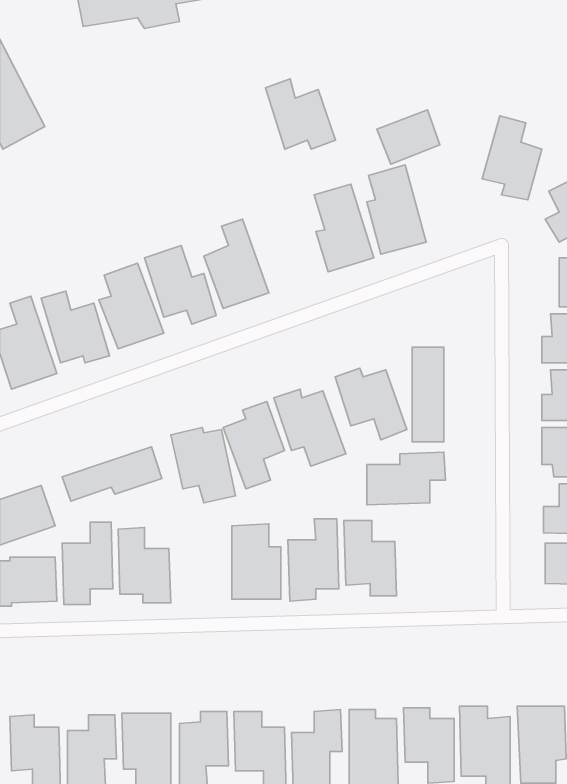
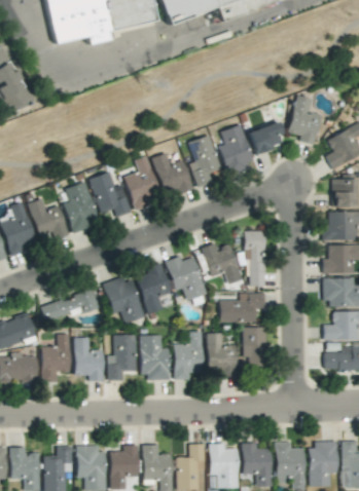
building: [266,79,336,149] -> [153,153,194,194]
building: [377,110,440,164] -> [249,121,286,153]
building: none -> [244,328,266,368]
building: none -> [108,335,137,381]

